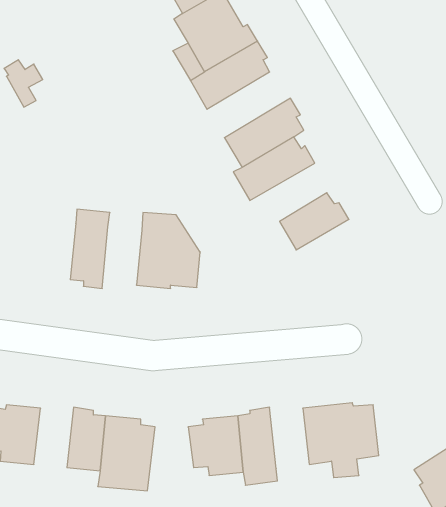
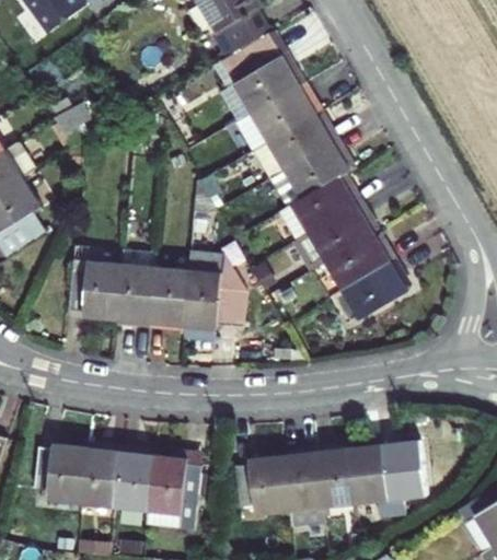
building: none -> [254,113,337,178]
building: none -> [294,203,373,270]
building: none -> [70,259,124,319]
building: none -> [343,259,407,319]
building: none -> [150,267,189,329]
building: none -> [82,445,122,506]
building: none -> [316,445,356,508]

